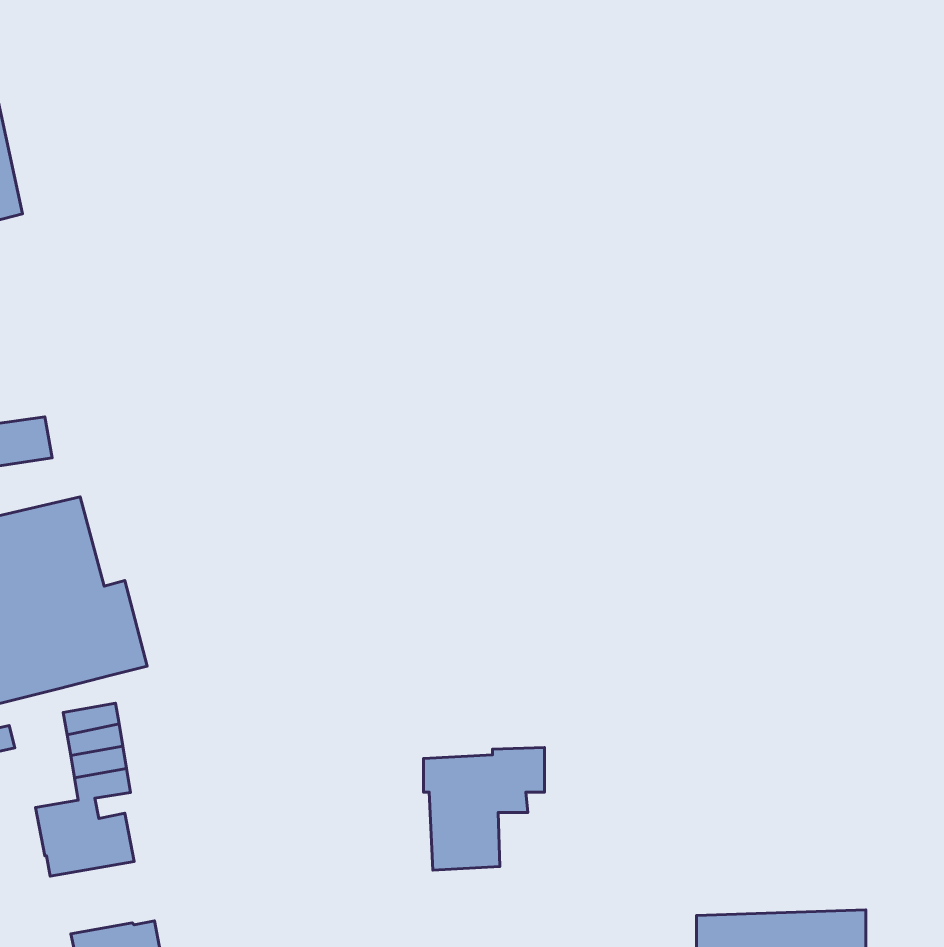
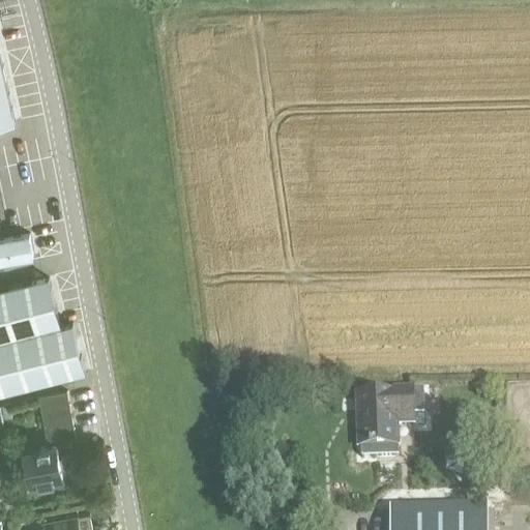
building: [424,747,545,870] -> [352,392,419,461]

